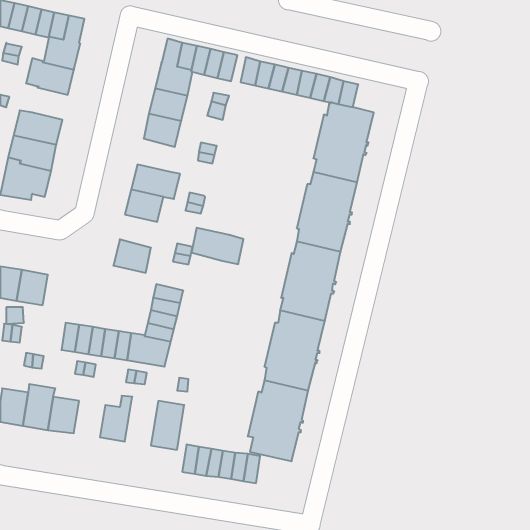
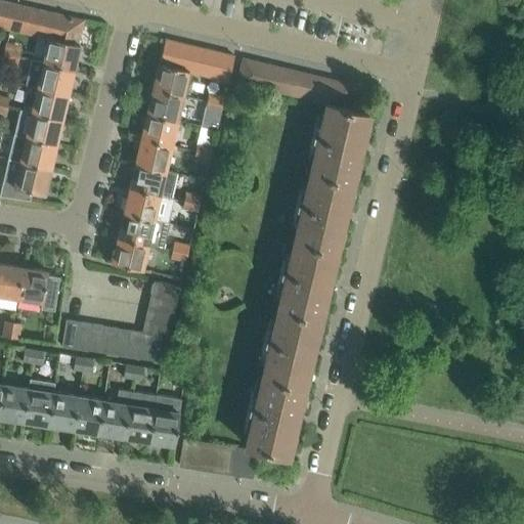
building: none -> [34,88,69,120]
building: none -> [137,138,174,171]
building: [191,228,243,264] -> [120,213,171,249]
building: none -> [125,392,158,440]
building: none -> [75,396,105,432]

